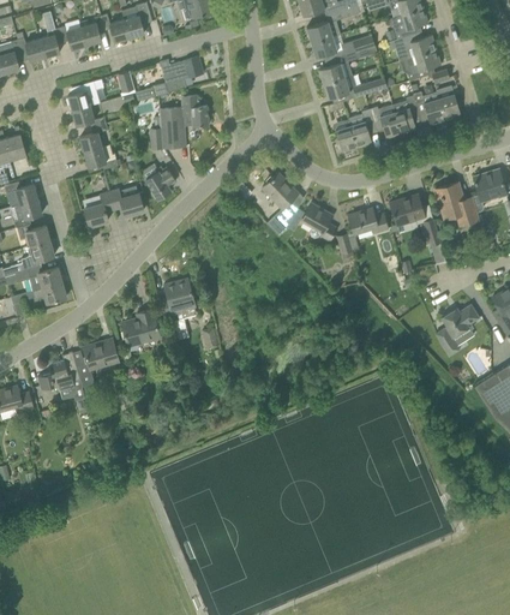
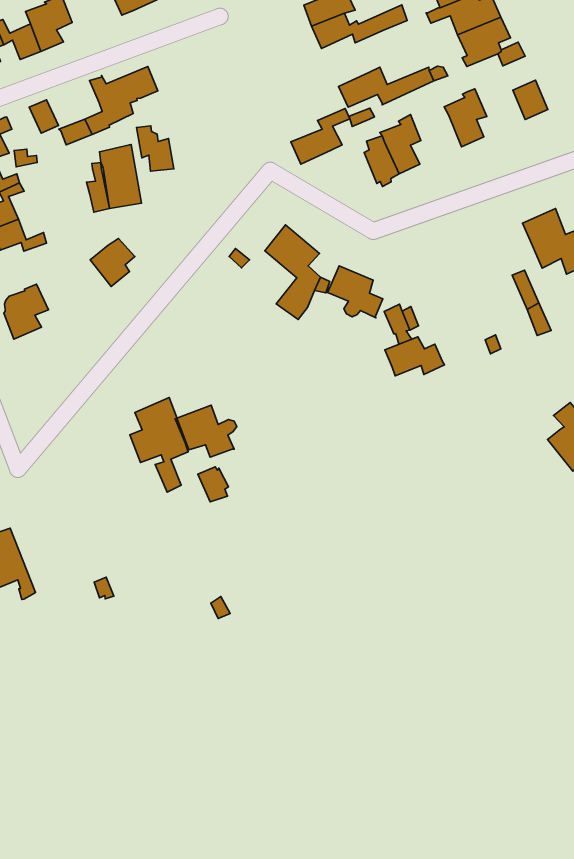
building: [318,50,359,84] -> [291,108,350,164]
building: [412,91,444,125] -> none
building: [368,105,400,137] -> none
building: [108,190,143,216] -> none
building: [390,193,424,233] -> none
building: [348,208,386,233] -> [385,337,445,376]
building: none -> [177,405,237,457]
building: [121,310,160,346] -> none
building: [77,339,118,386] -> none

